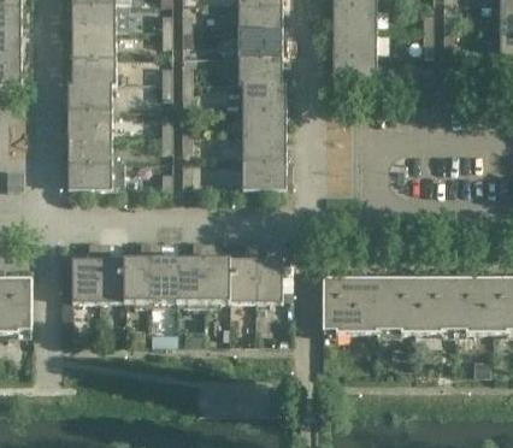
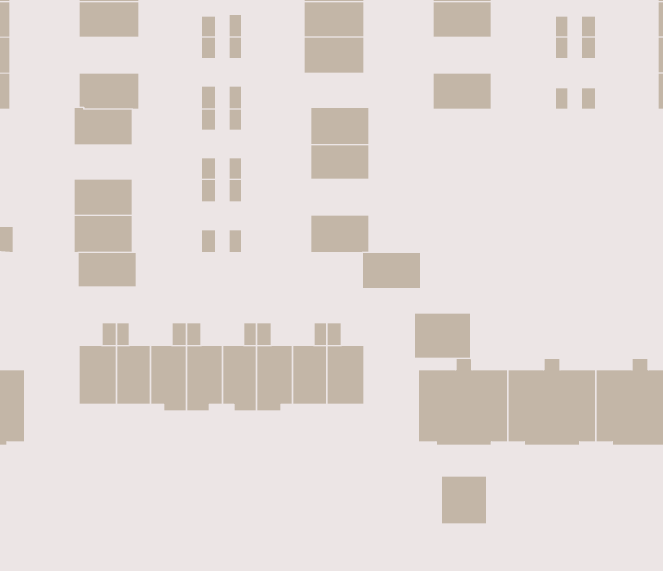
building: [71,30,116,57] -> none
building: [332,30,376,57] -> none
building: [237,57,282,83] -> none
building: [67,110,111,135] -> [78,253,136,287]
building: [242,135,285,161] -> [362,253,421,288]
building: none -> [415,313,471,359]
building: none -> [442,476,486,524]

